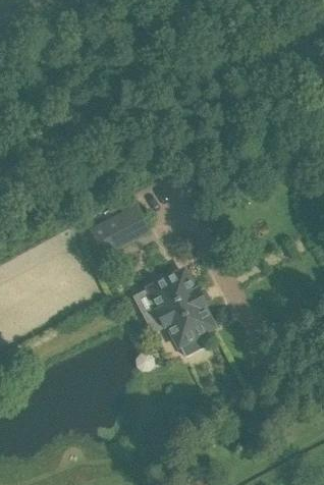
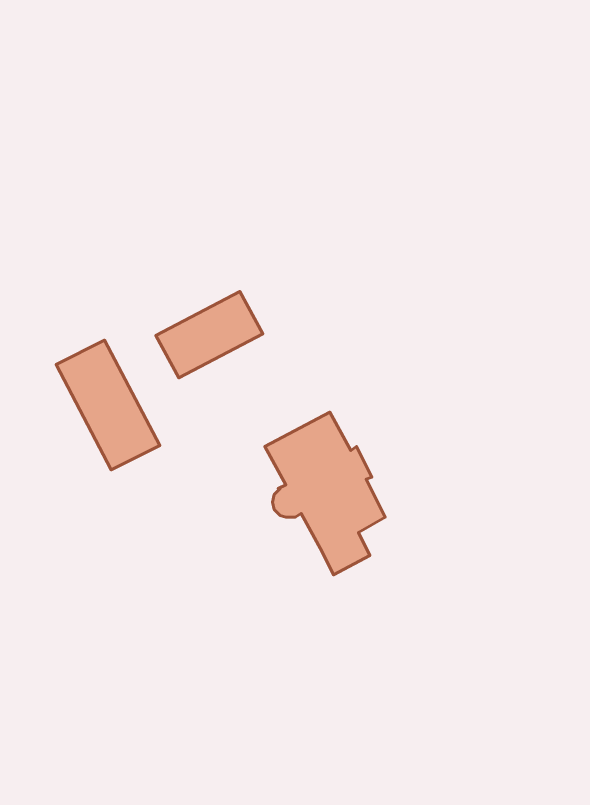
building: none -> [56,340,160,470]

